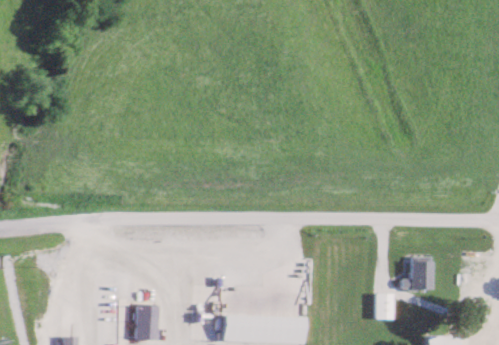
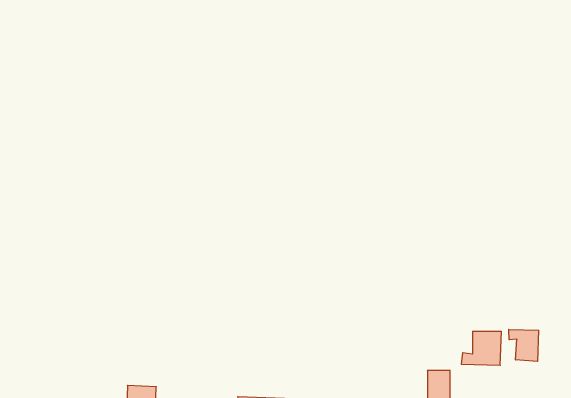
building: none -> [509,329,539,361]

